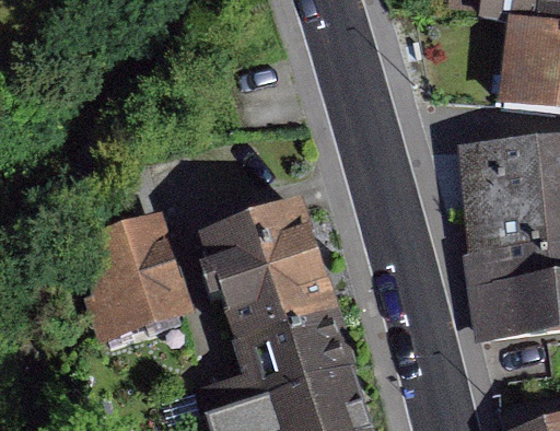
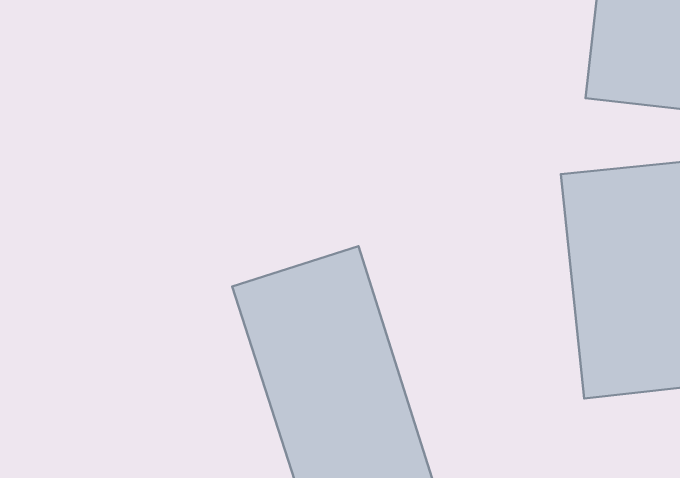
building: [62,234,176,361] -> none

